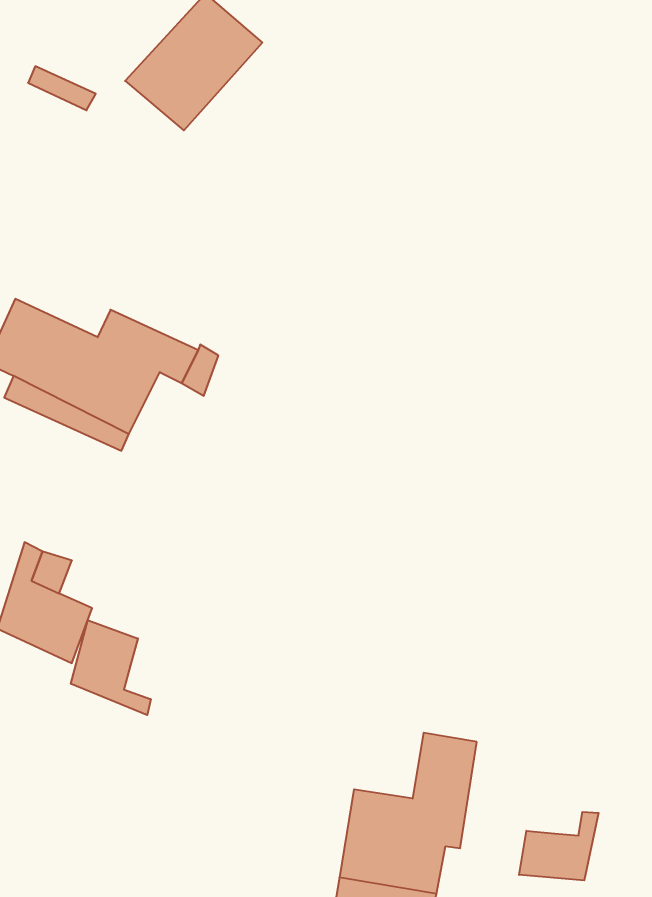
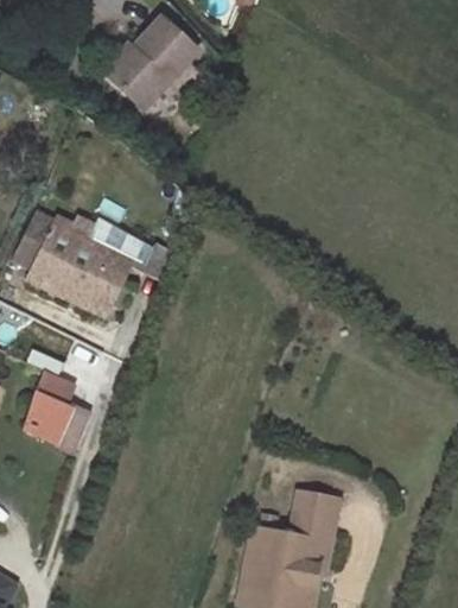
building: [71,620,151,715] -> none
building: [519,812,599,880] -> none

